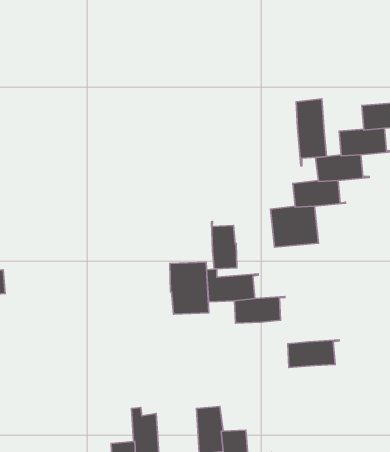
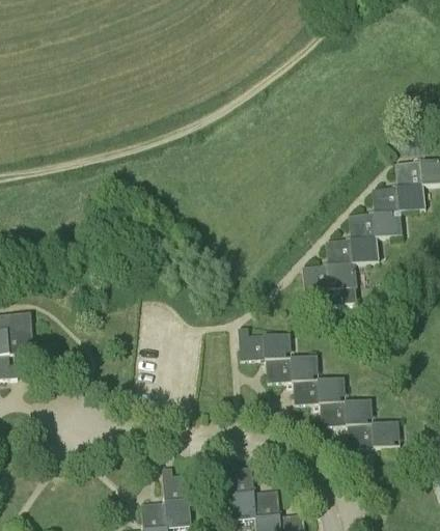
building: [296,99,327,166] -> none
building: [211,222,237,269] -> none
building: [170,262,209,314] -> none
building: none -> [294,376,345,404]
building: none -> [348,420,401,448]

